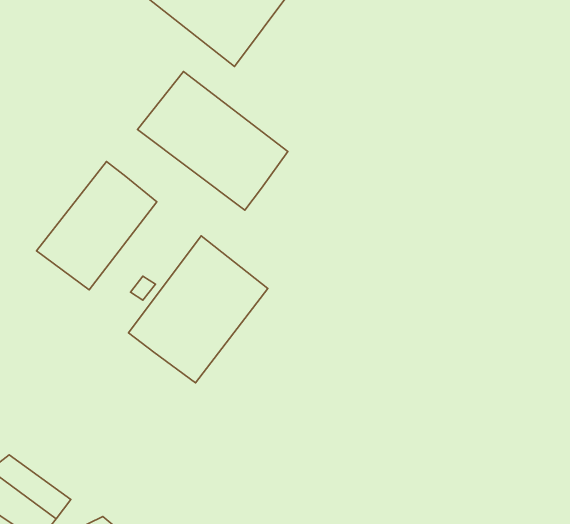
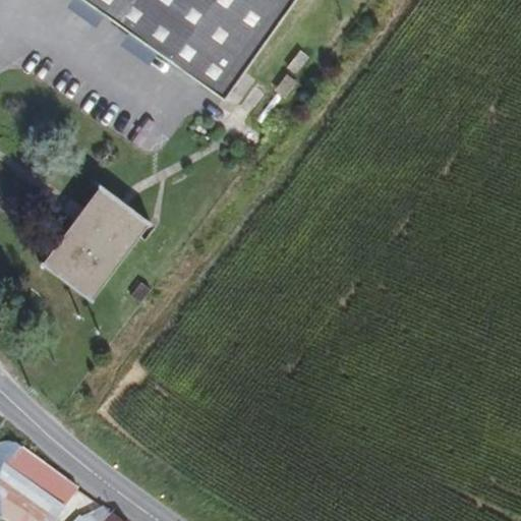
building: [137,71,288,210] -> none
building: [129,236,268,383] -> none

